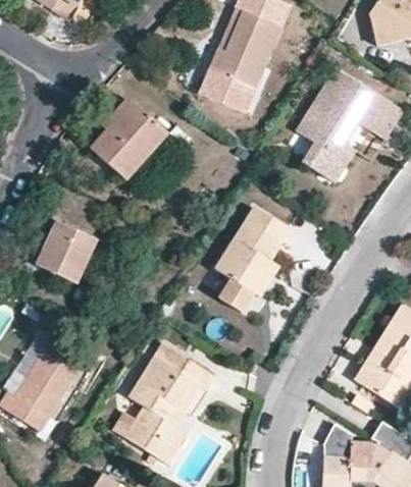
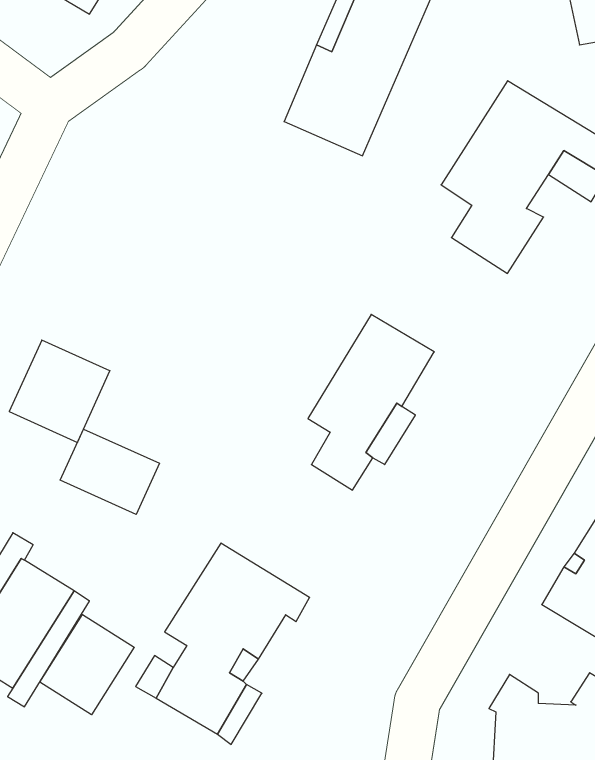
building: [90,101,166,178] -> none
building: none -> [60,429,159,514]
building: none -> [40,615,134,715]

